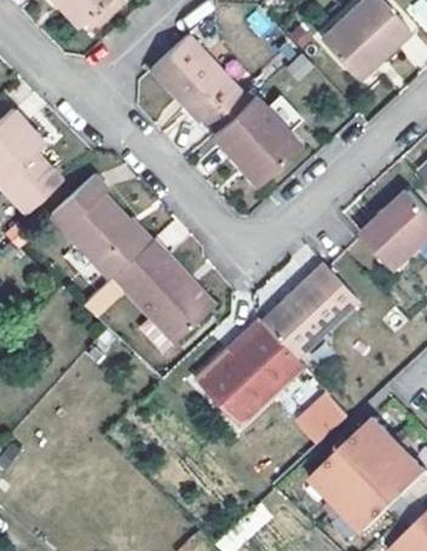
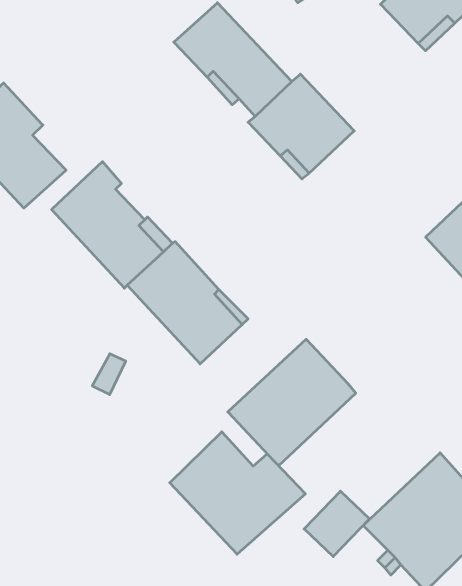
building: [262,262,358,356] -> none
building: [289,392,344,446] -> [304,491,370,557]
building: none -> [170,432,305,554]

